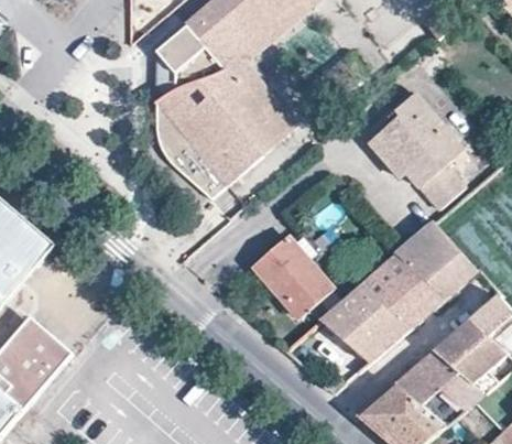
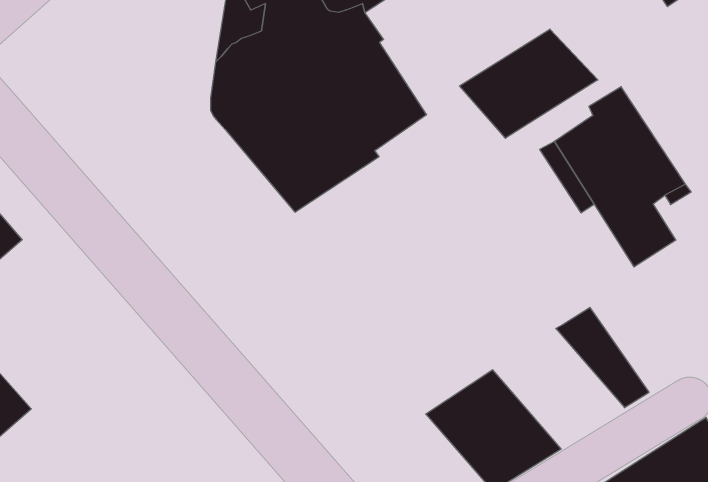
building: none -> [460,29,598,138]
building: [415,220,477,284] -> none
building: [254,235,333,315] -> none
building: [359,252,446,328] -> none

